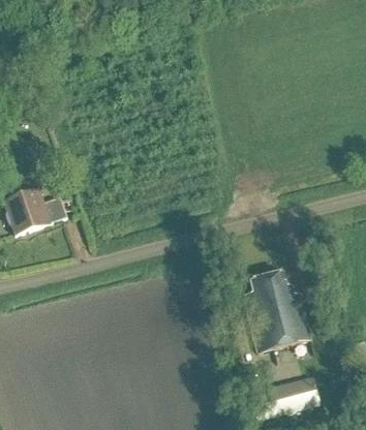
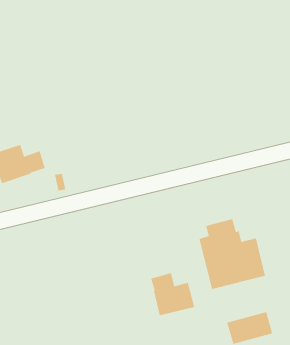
building: none -> [150,272,195,316]

